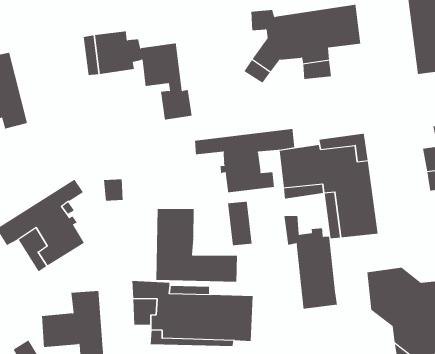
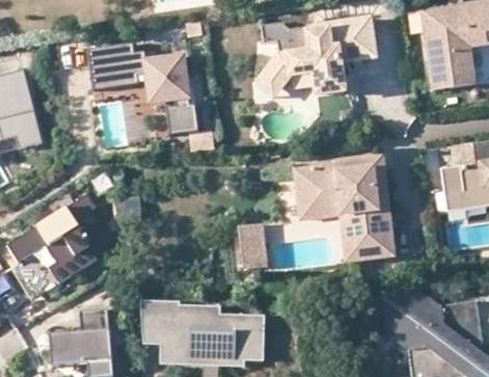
building: [194,128,295,193] -> none
building: [156,208,238,282] -> none
building: [284,215,337,309] -> none

